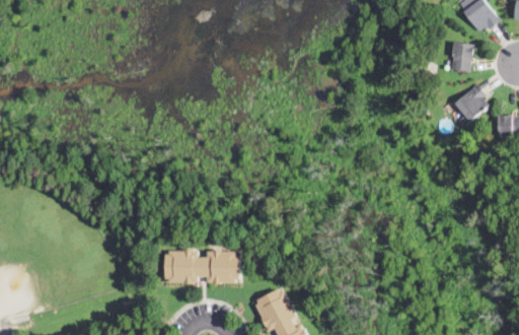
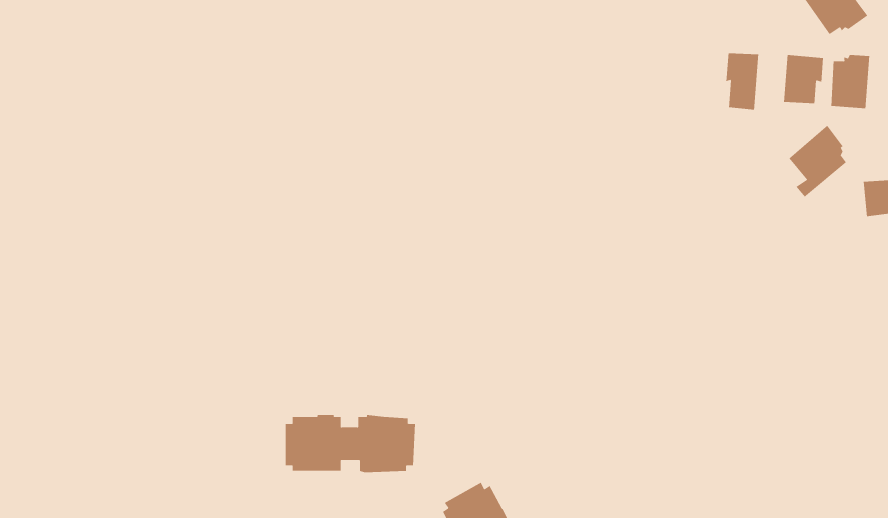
building: none -> [726,52,759,111]
building: none -> [831,54,870,109]

